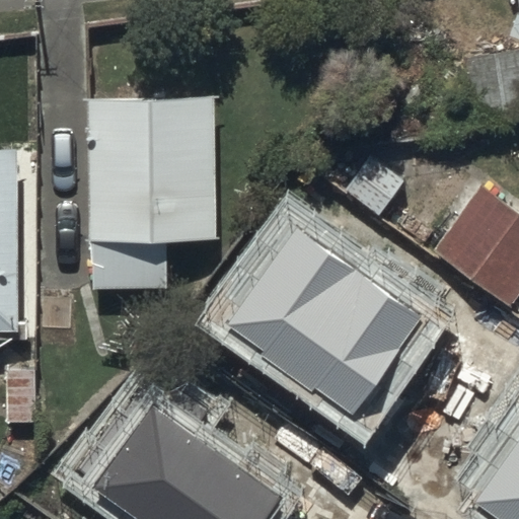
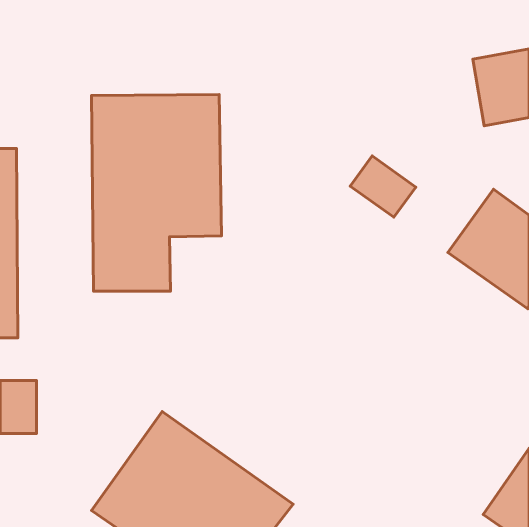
building: [225,229,421,416] -> none

